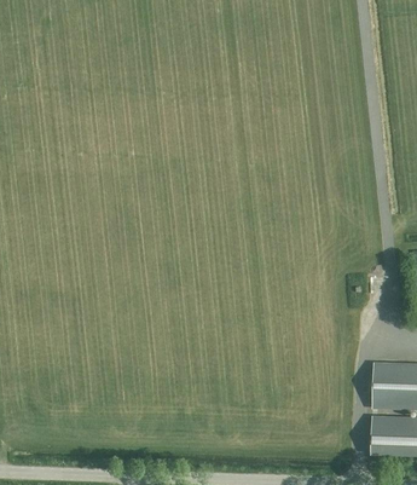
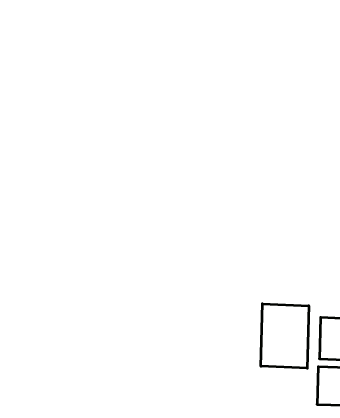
building: none -> [261,304,309,368]

